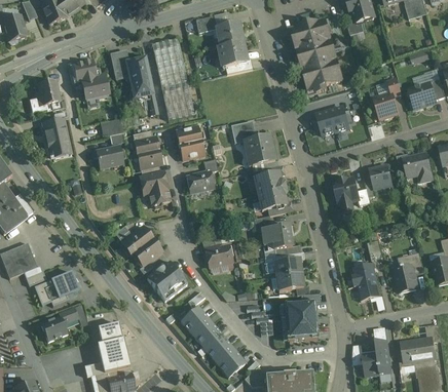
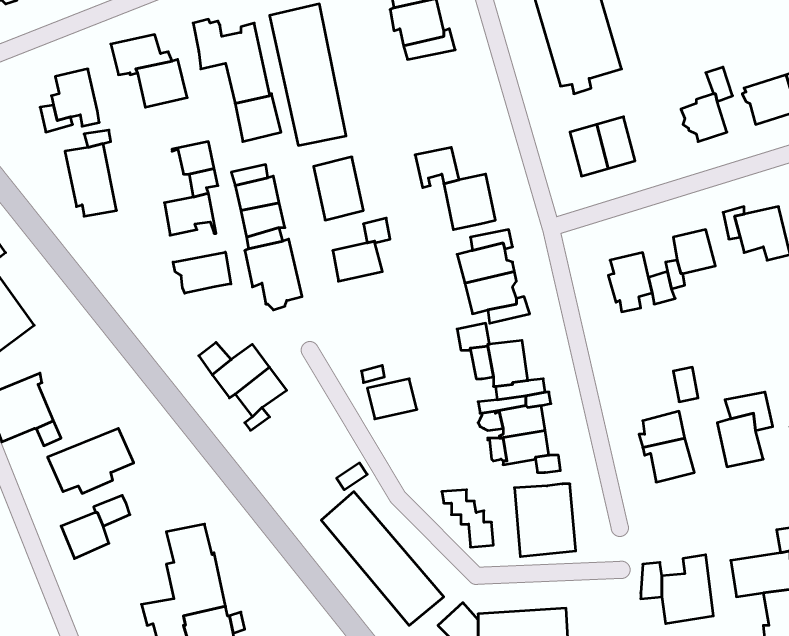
building: none -> [173,252,231,293]
building: [147,260,187,301] -> none

